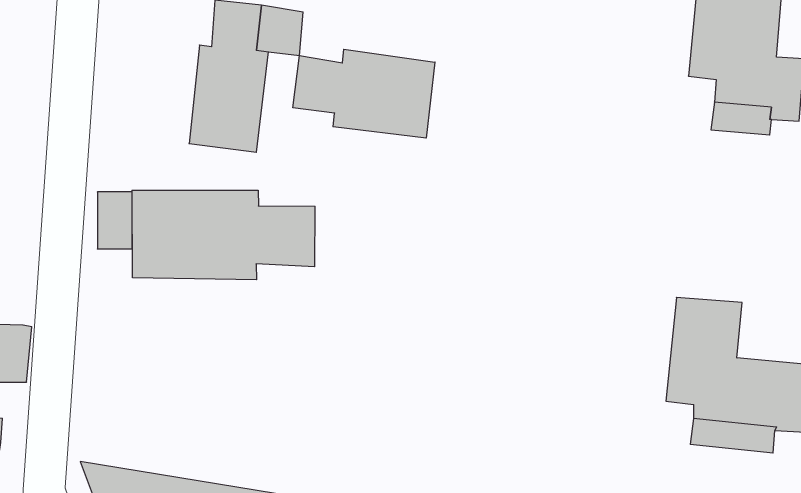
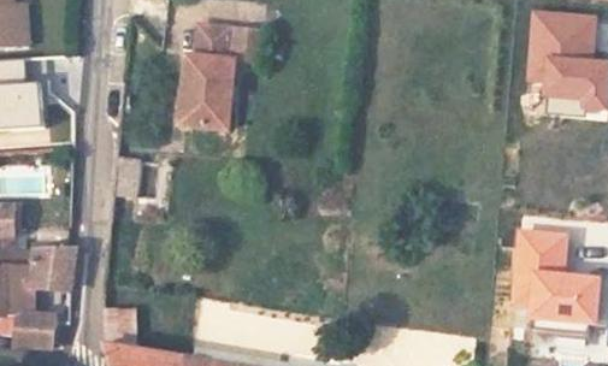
building: [293,49,435,138] -> none
building: [132,190,315,280] -> none
building: none -> [105,303,135,346]

